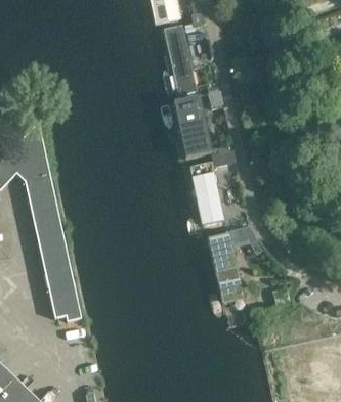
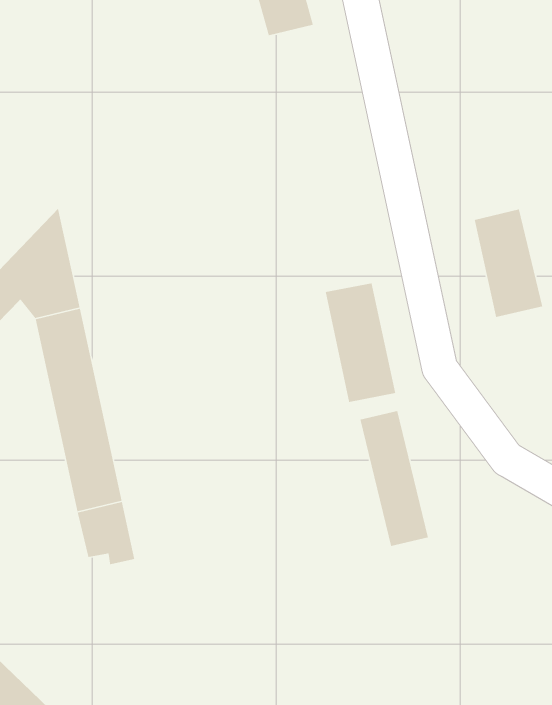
building: [162,19,198,92] -> none
building: [173,96,212,158] -> [474,208,543,318]

